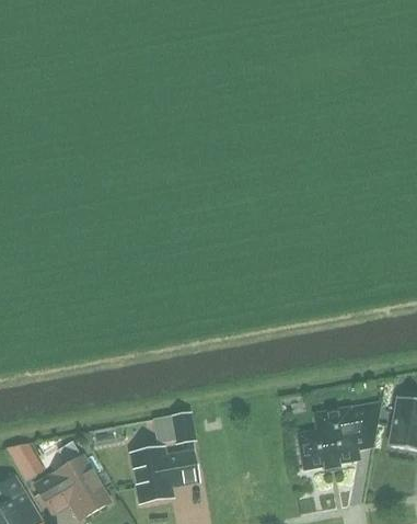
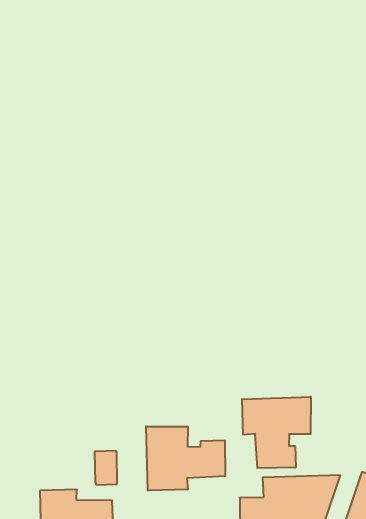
building: none -> [242,397,311,468]
building: none -> [146,426,225,491]

